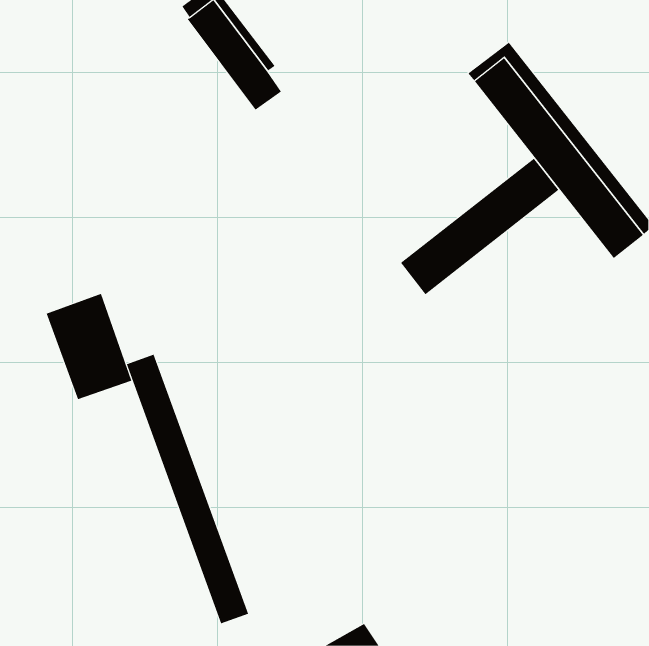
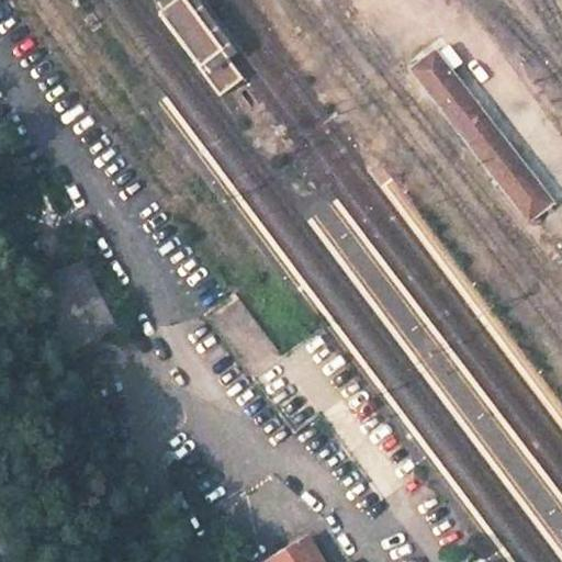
building: [400,158,559,295] -> none
building: [126,354,249,624] -> none

